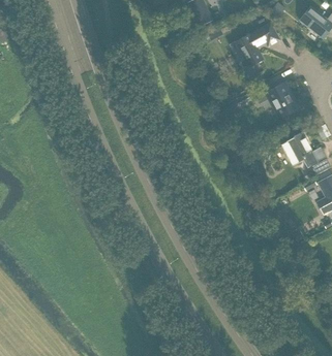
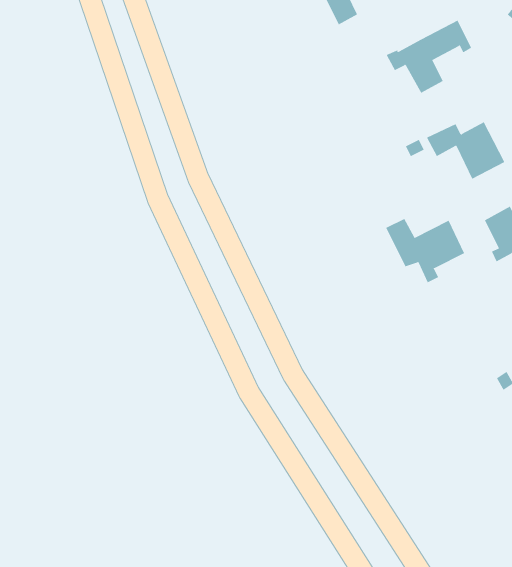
building: none -> [385,218,465,283]

